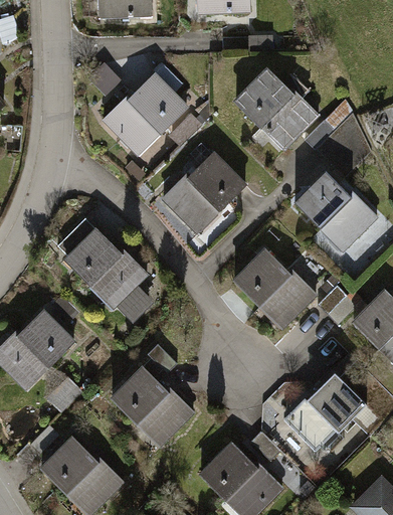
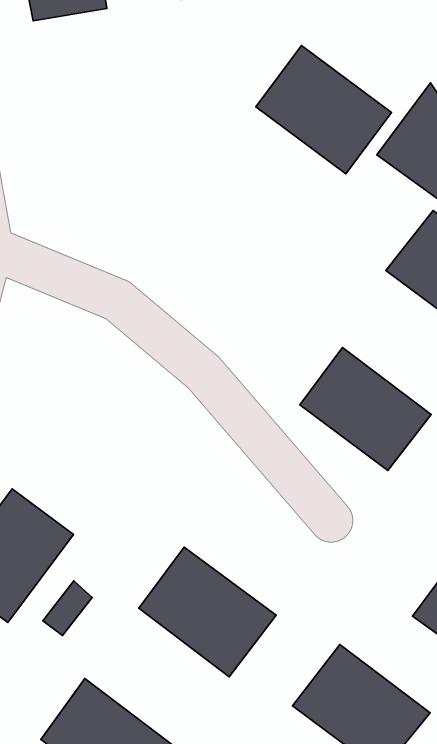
building: [109,75,190,156] -> none
building: [163,152,244,233] -> none
building: [55,221,150,316] -> none

